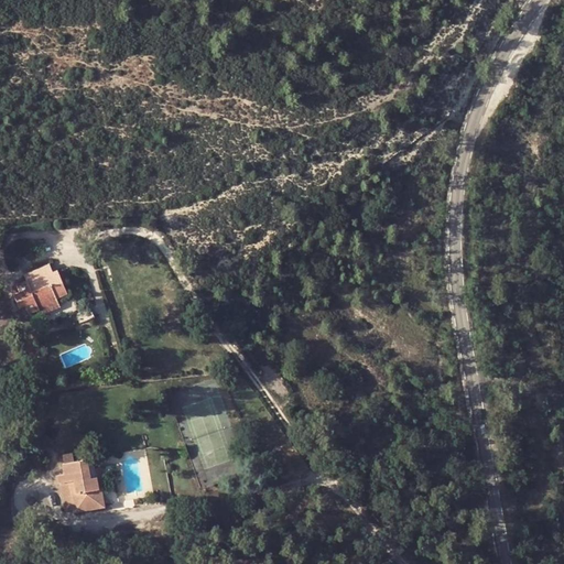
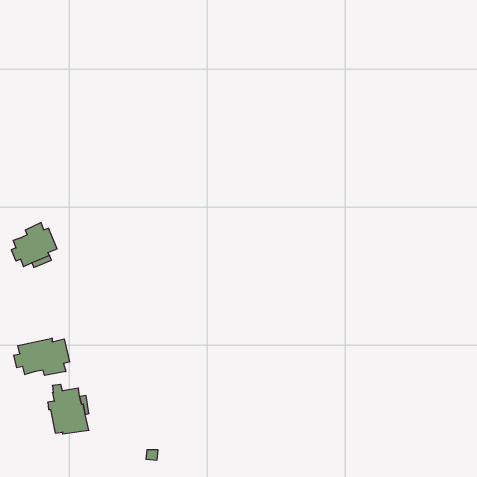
building: none -> [14,338,70,375]

